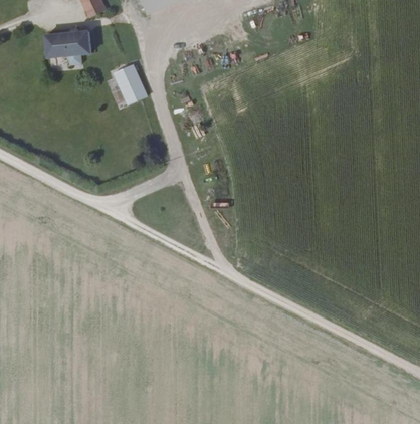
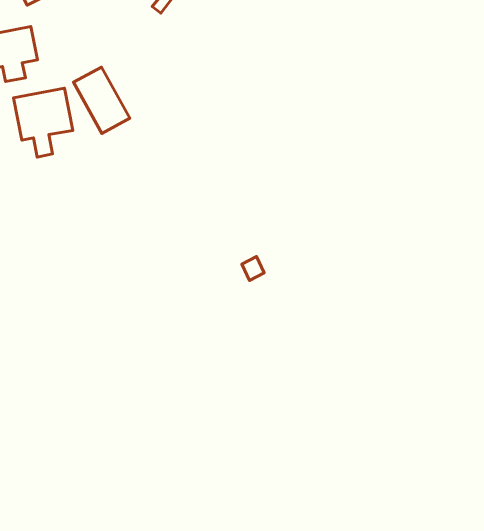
building: none -> [14,88,73,157]

